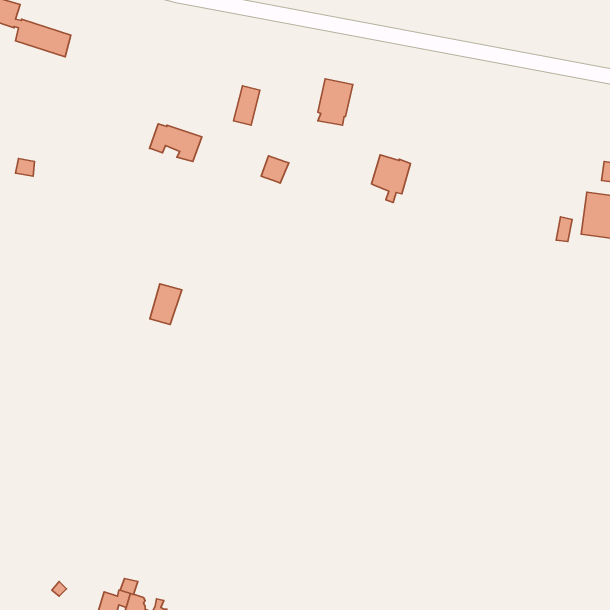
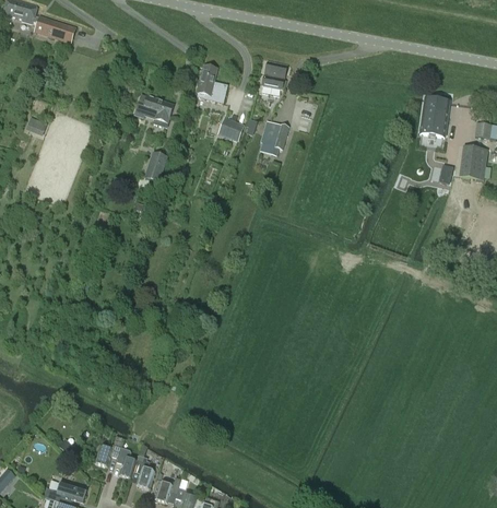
building: none -> [421,97,449,138]
building: [371,155,411,203] -> [260,120,289,156]
building: [150,284,182,325] -> [144,152,168,182]

